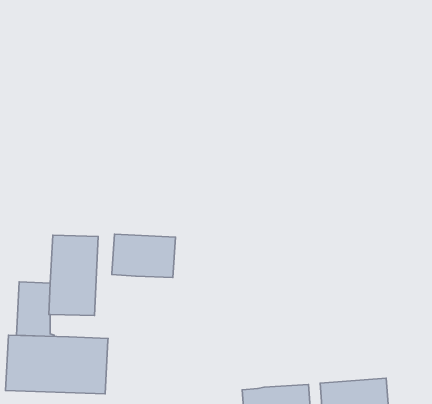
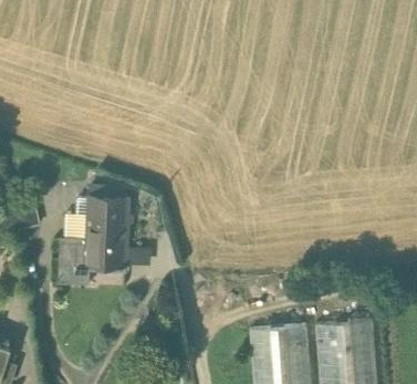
building: [112,234,176,278] -> none
building: [5,335,108,394] -> none

